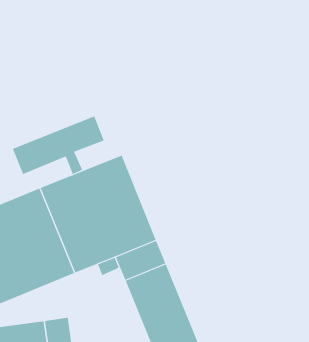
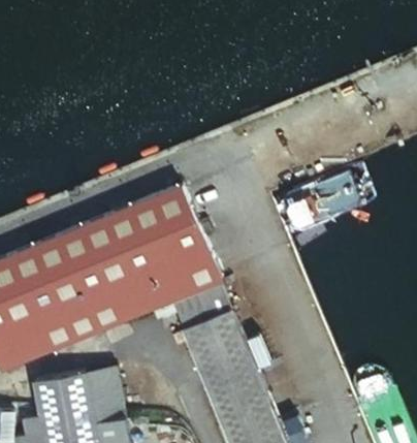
building: [12,116,104,175] -> none

